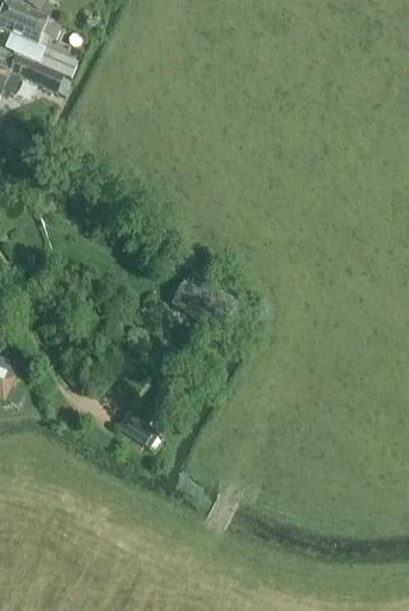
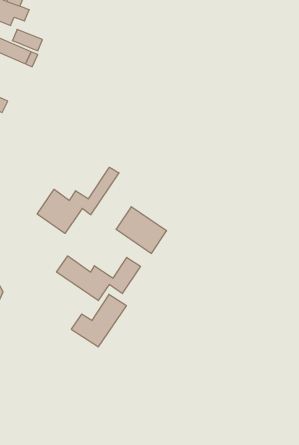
building: none -> [37,167,119,233]
building: none -> [57,256,140,301]

